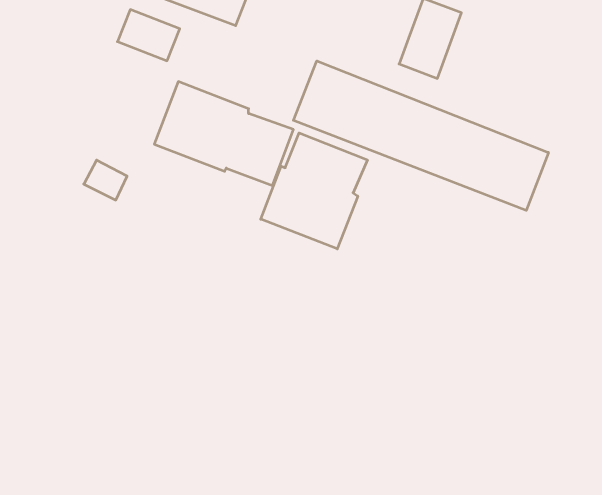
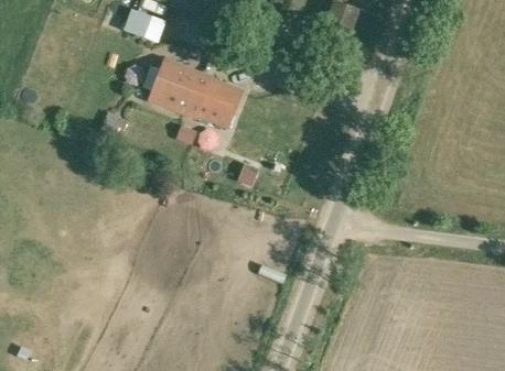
building: [293,61,548,210] -> none
building: [261,133,367,249] -> none

